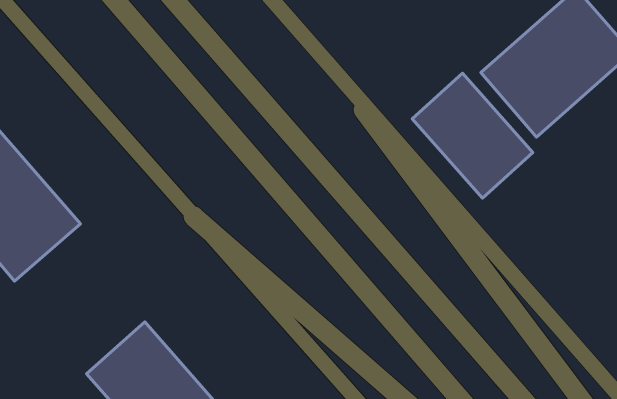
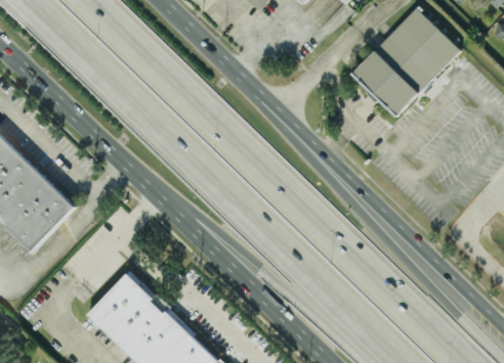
building: [412,73,533,198] -> none

